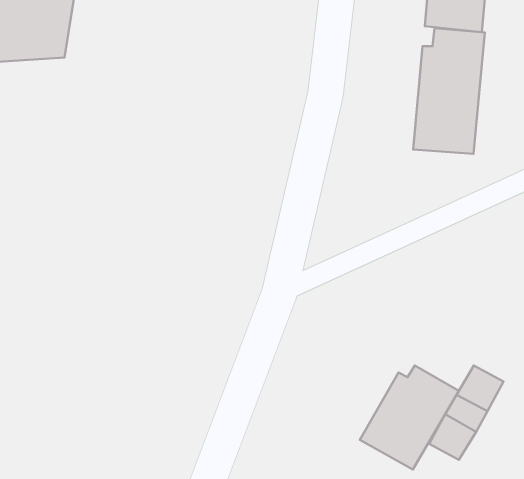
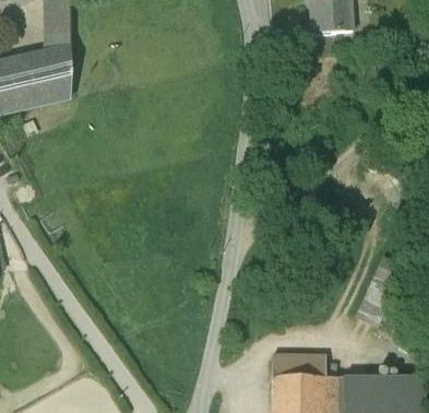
building: [413,28,485,154] -> none
building: [360,366,459,470] -> none

